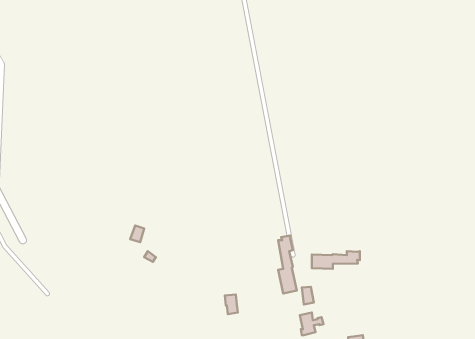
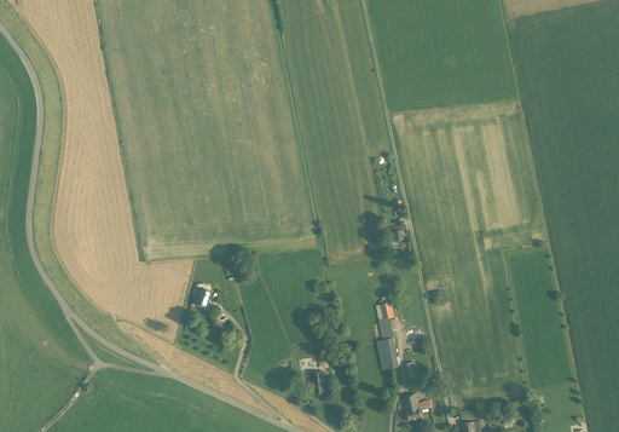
building: [312,251,360,269] -> none

